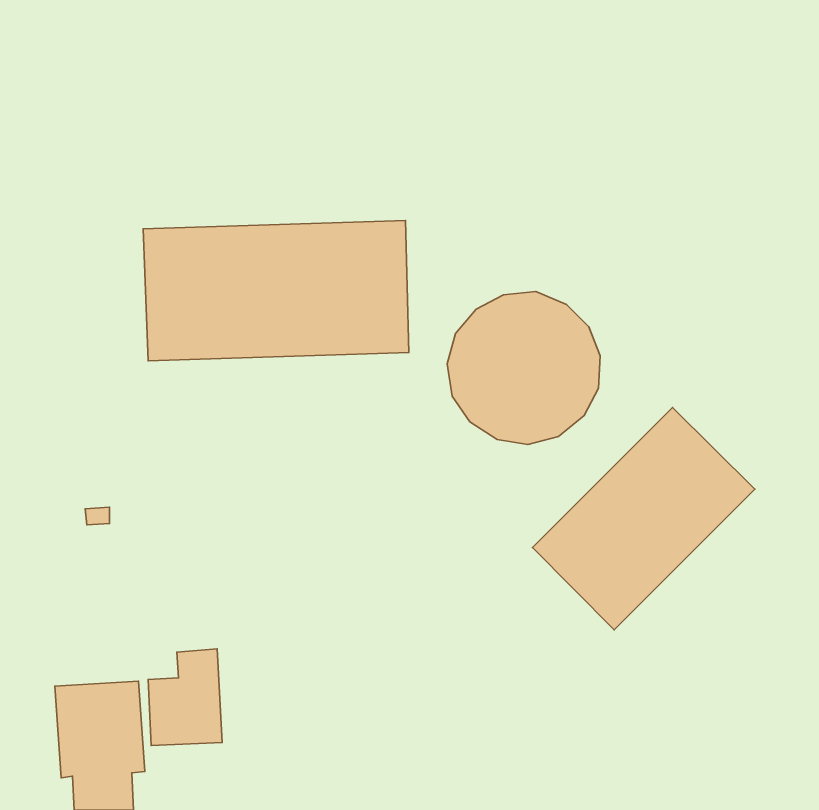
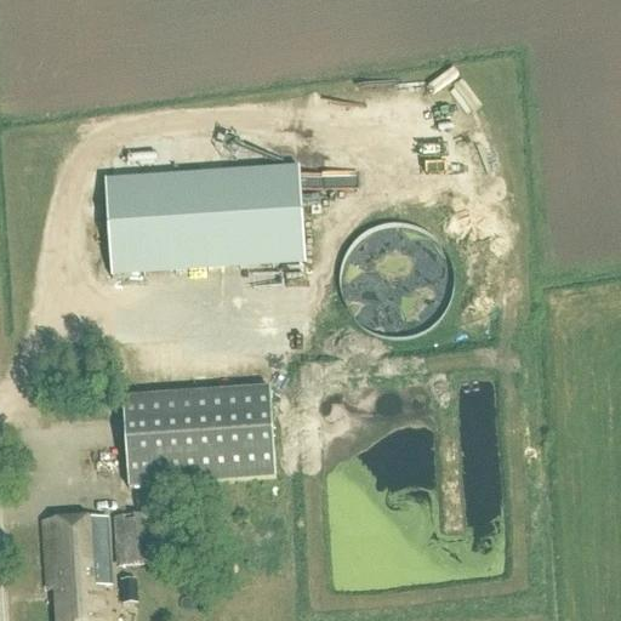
building: [532,407,755,630] -> none
building: none -> [121,384,272,482]

